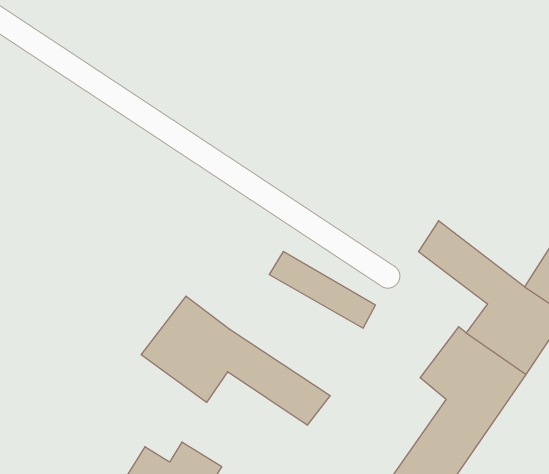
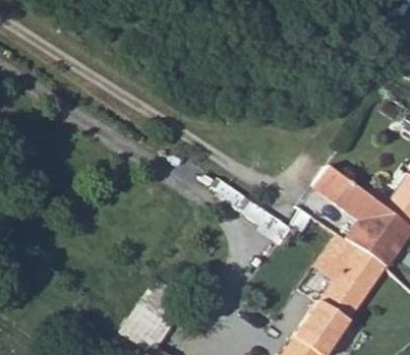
building: [141,296,330,425] -> none

